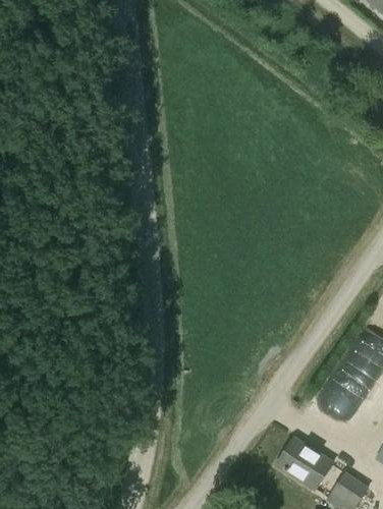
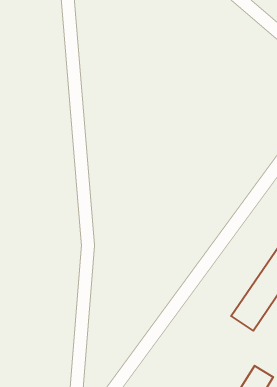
building: [278,438,334,489] -> none

